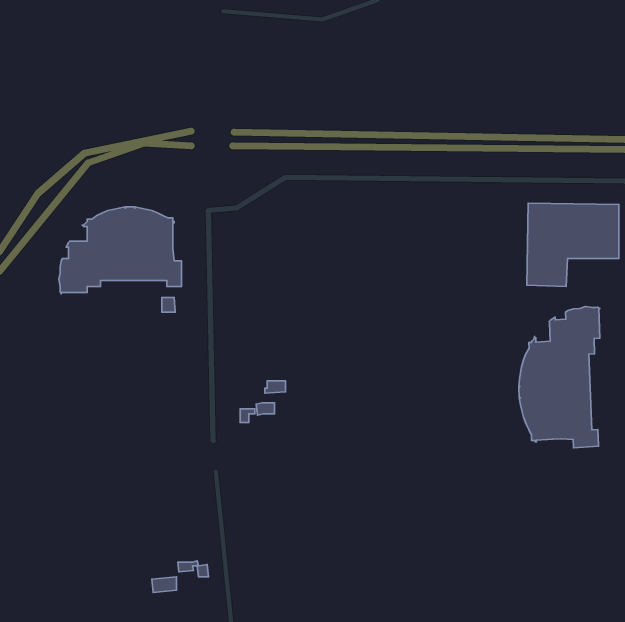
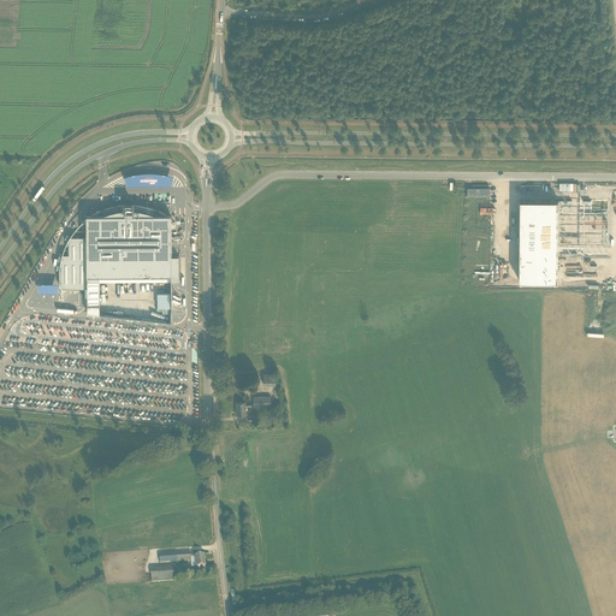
building: [519,307,600,448] -> none

